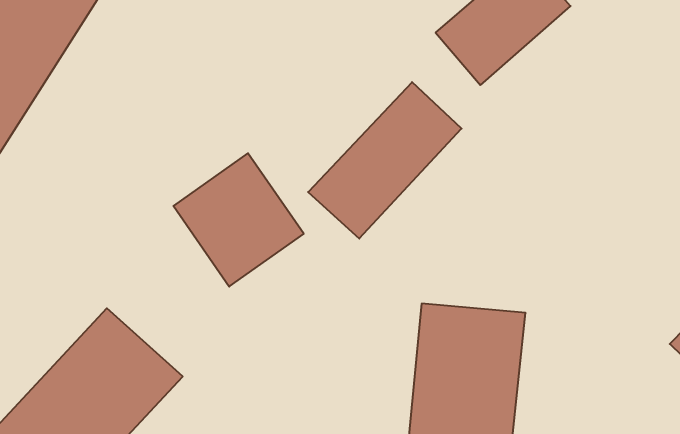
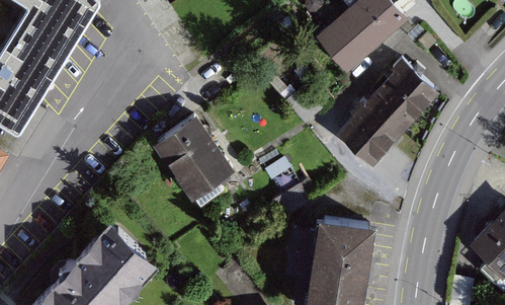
building: [308,82,462,239] -> [336,64,436,166]

